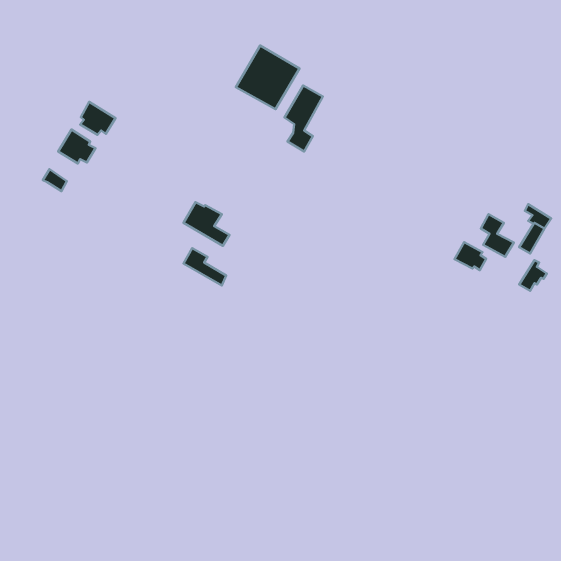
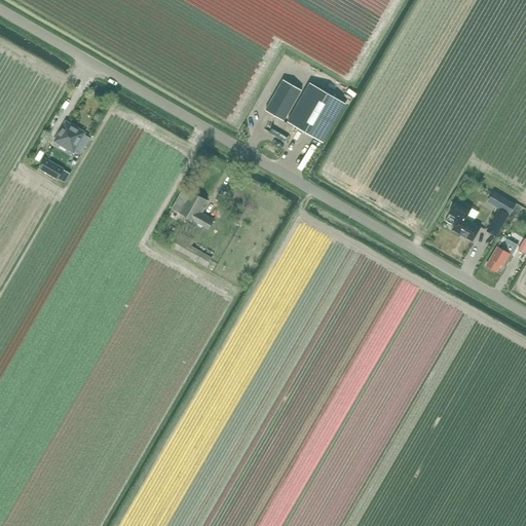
building: [236,46,300,109] -> [287,83,346,143]
building: [80,102,116,135] -> none
building: [455,242,486,270] -> none

